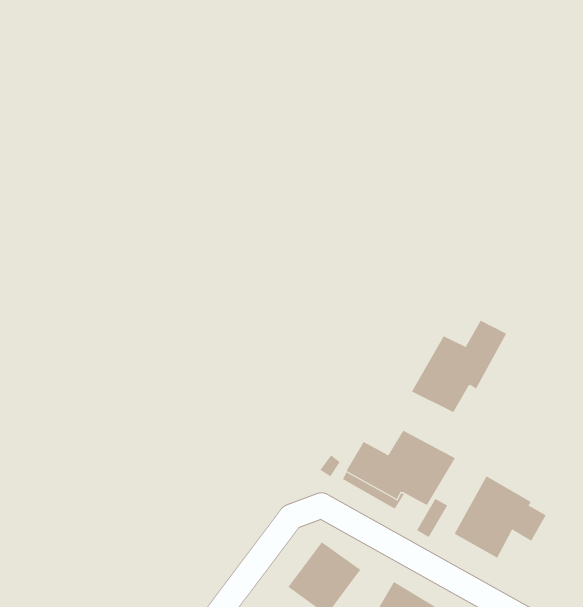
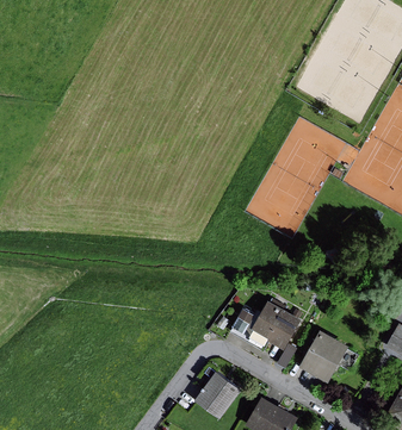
building: [411,320,507,413] -> none

